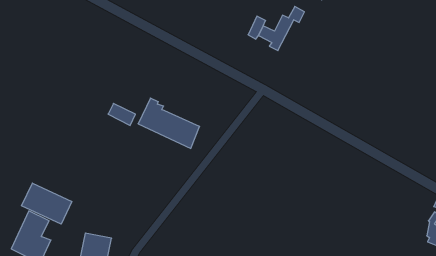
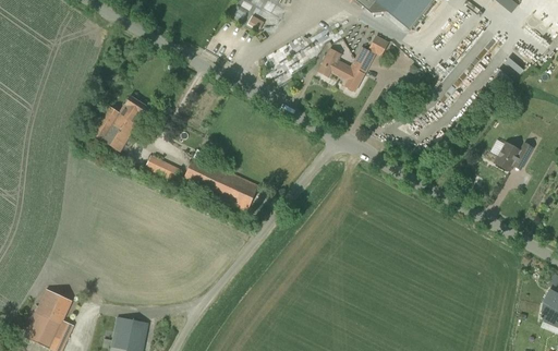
building: none -> [93,94,149,150]
building: none -> [495,141,534,170]
building: [22,183,72,224] -> none

